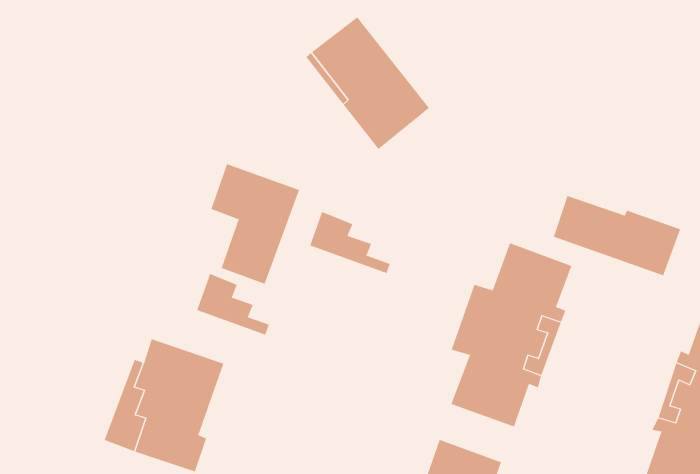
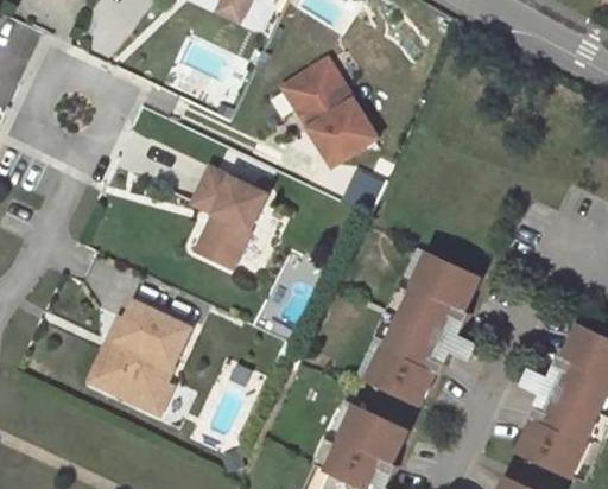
building: [553,195,681,276] -> none
building: [310,211,391,274] -> none
building: [196,273,269,335] -> none

